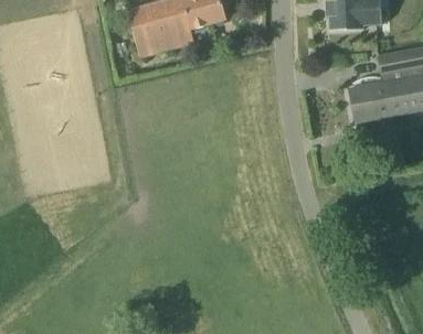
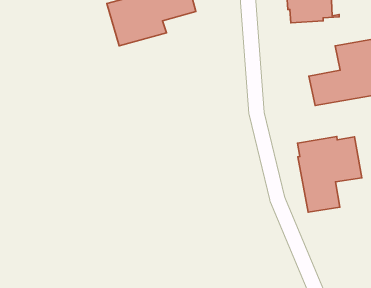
building: none -> [298,137,362,212]

